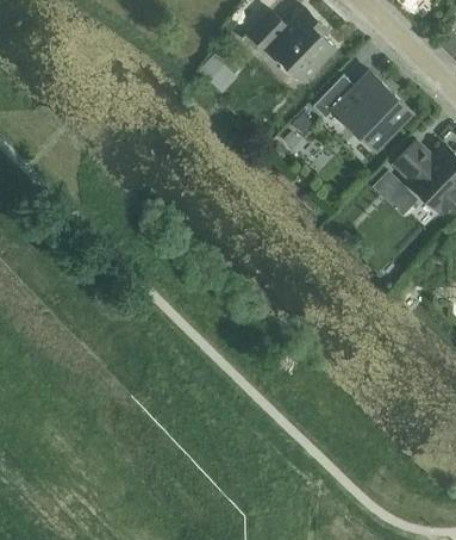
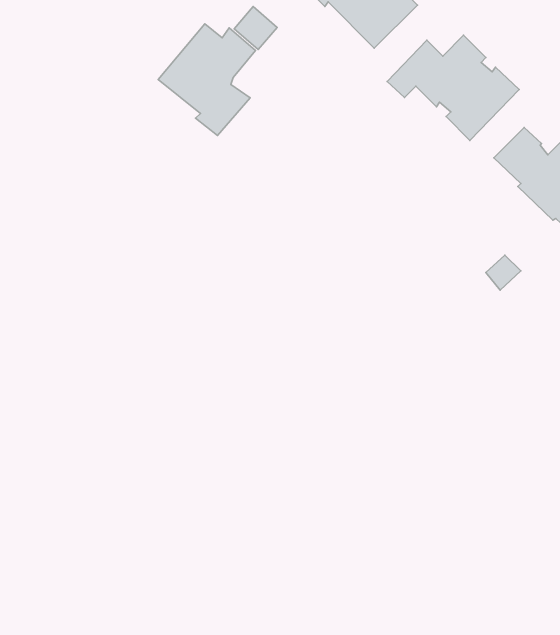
building: none -> [158,24,255,136]
building: [371,169,418,215] -> none

